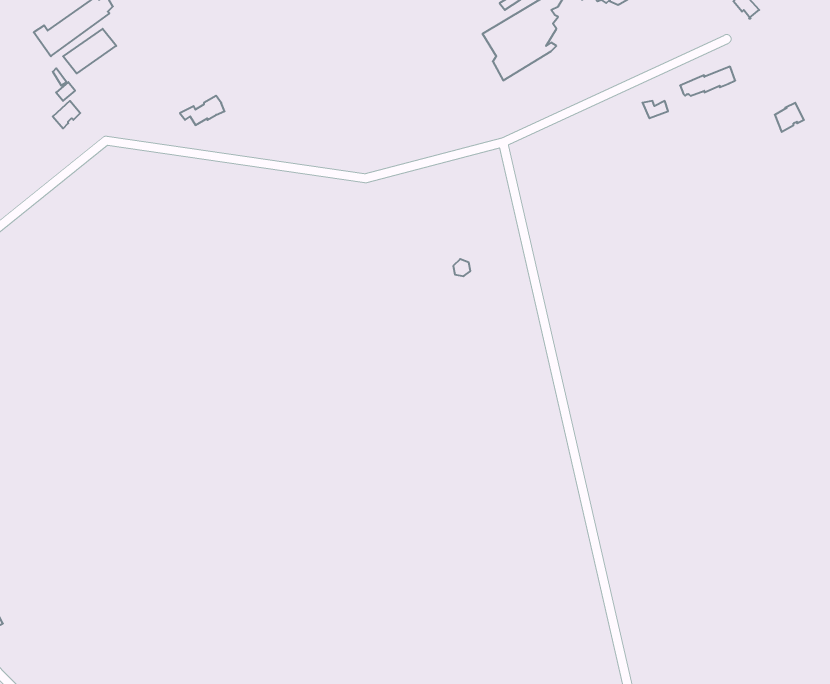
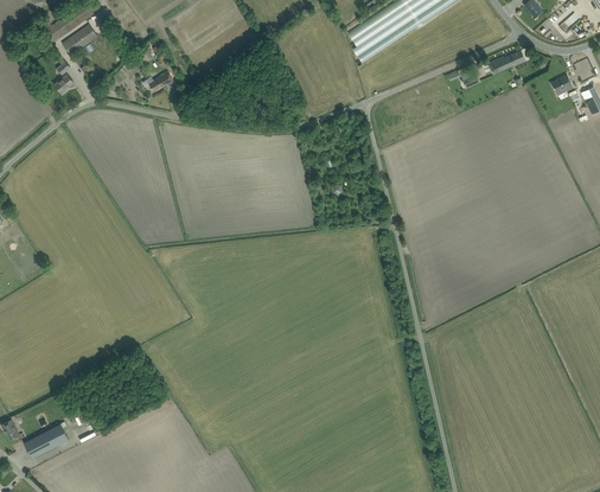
building: none -> [24,422,69,459]

